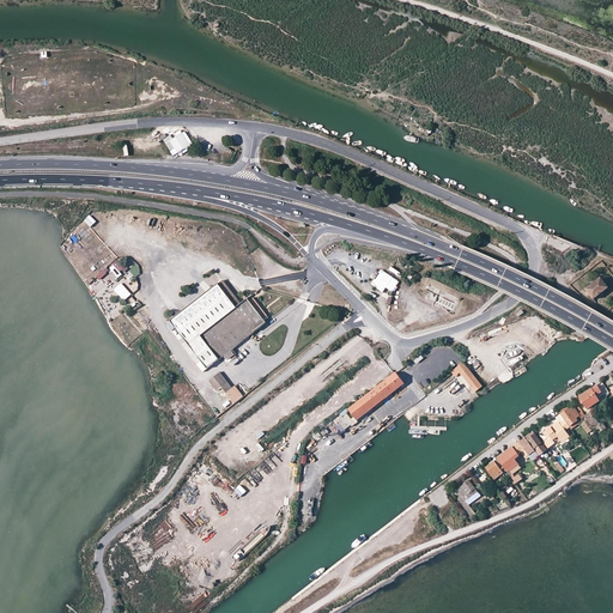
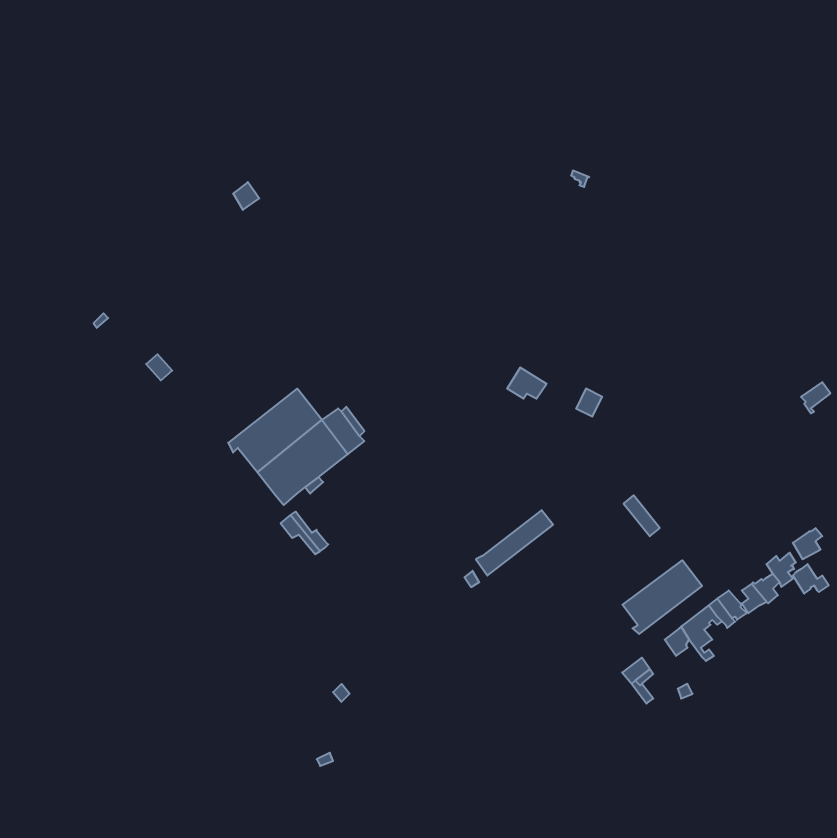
building: none -> [622,560,702,634]

